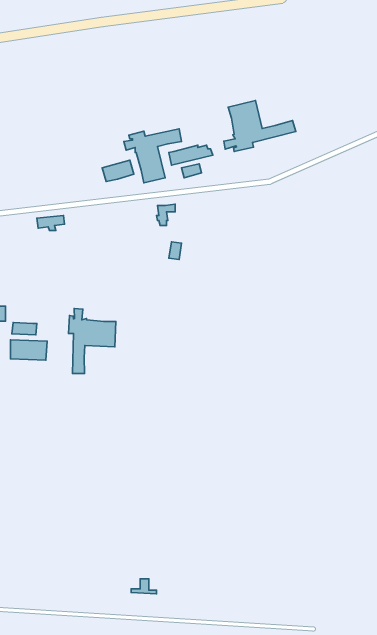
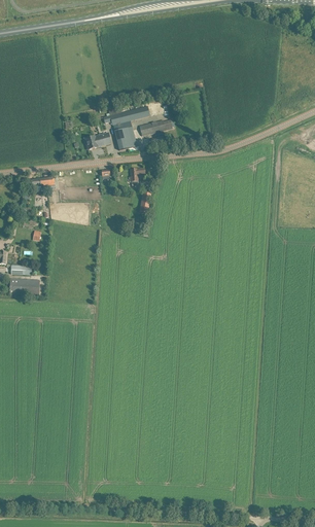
building: [224,100,296,152] -> none
building: [69,308,116,374] -> none

